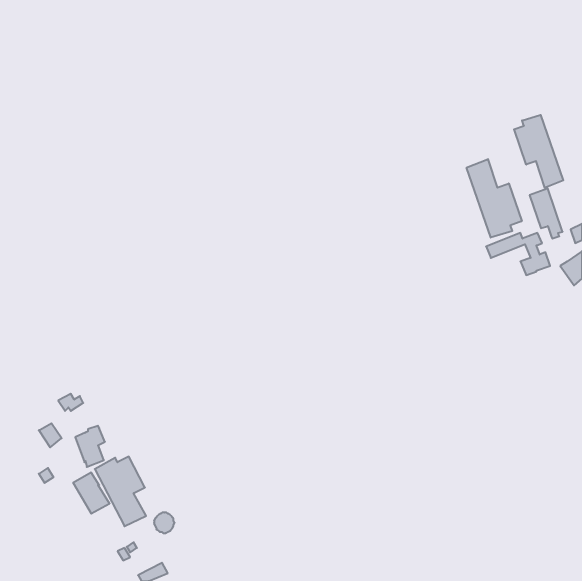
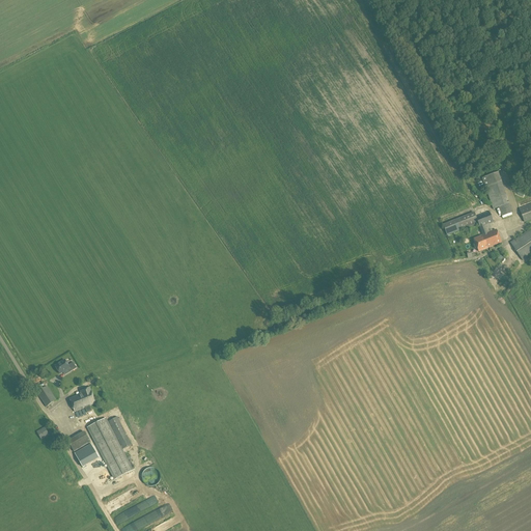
building: [514,115,563,188] -> none
building: [467,159,522,238] -> none

